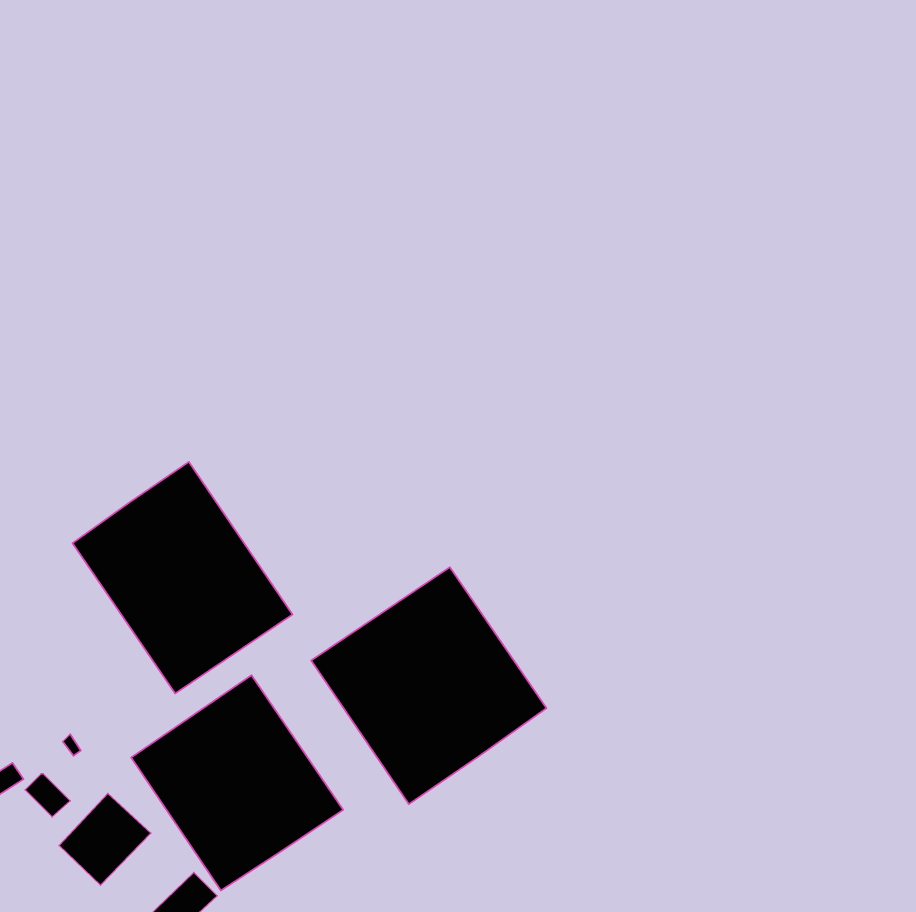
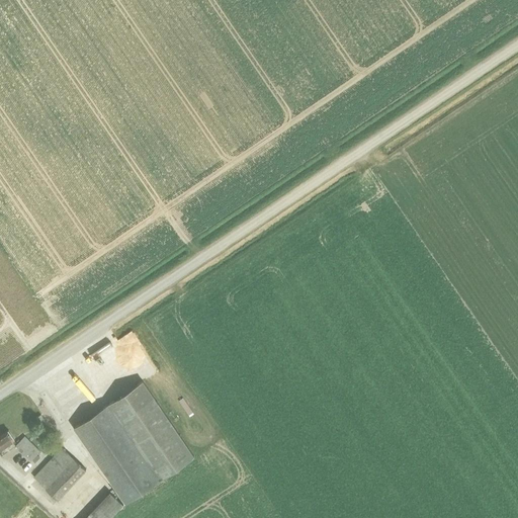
building: [73,462,293,693] -> none
building: [311,567,546,804] -> none

